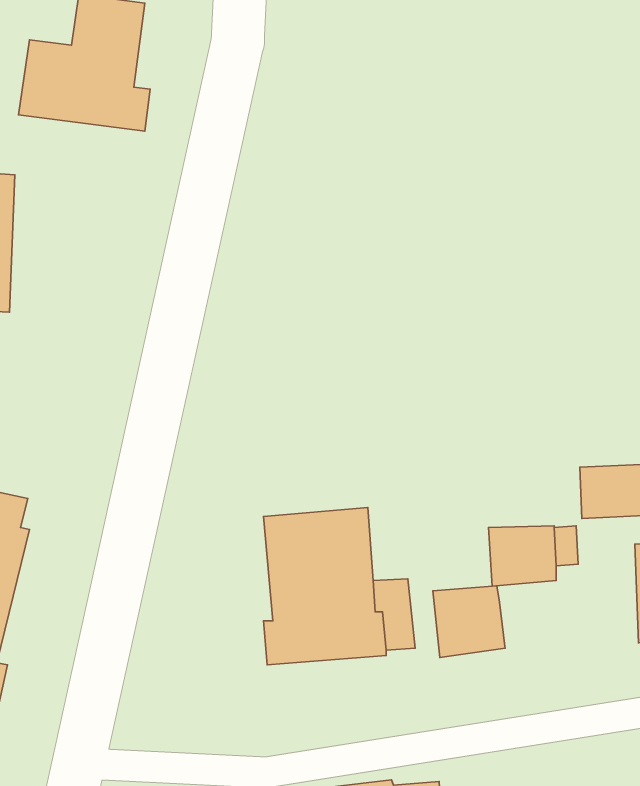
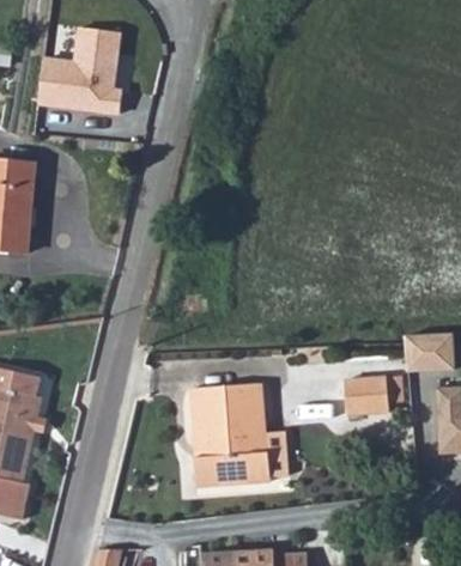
building: [433,586,505,658] -> none

